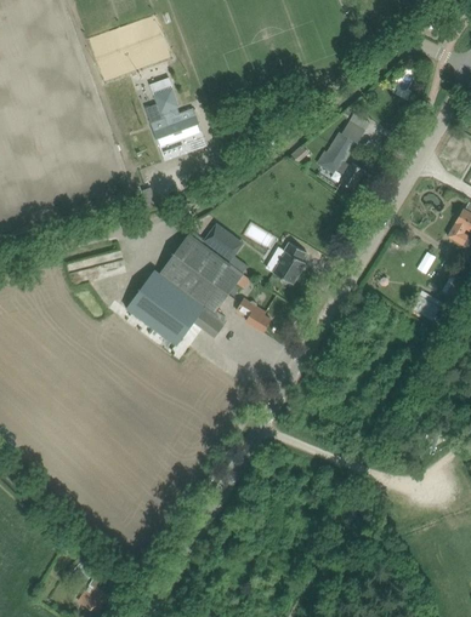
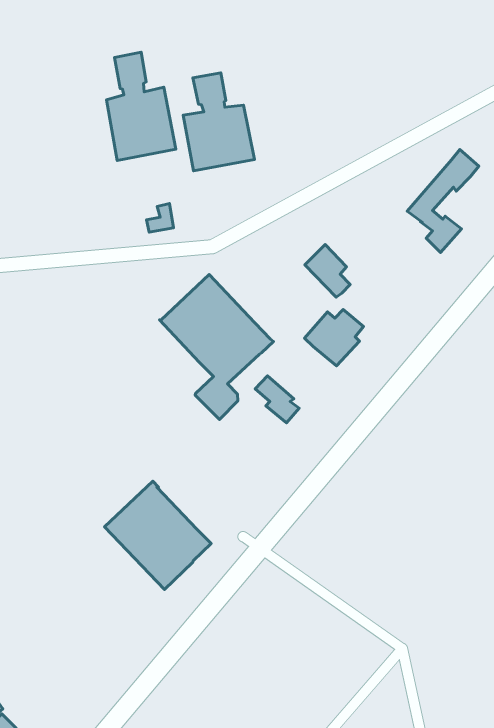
building: none -> [106,52,176,160]
building: [203,223,238,259] -> [305,245,350,297]
building: [125,269,204,345] -> [105,481,211,589]

